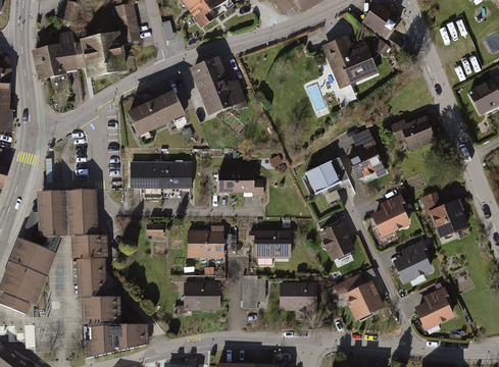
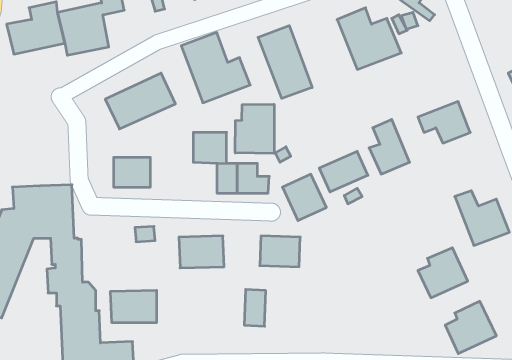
building: none -> [258,26,312,98]
building: none -> [235,104,274,153]
building: [161,163,190,190] -> [193,132,227,163]
building: [370,194,413,238] -> none
building: [317,221,355,261] -> [282,174,326,221]
building: [333,274,384,320] -> none
building: [182,281,221,309] -> [110,290,157,322]
building: [281,283,316,310] -> none

